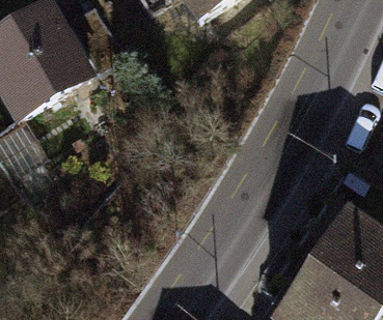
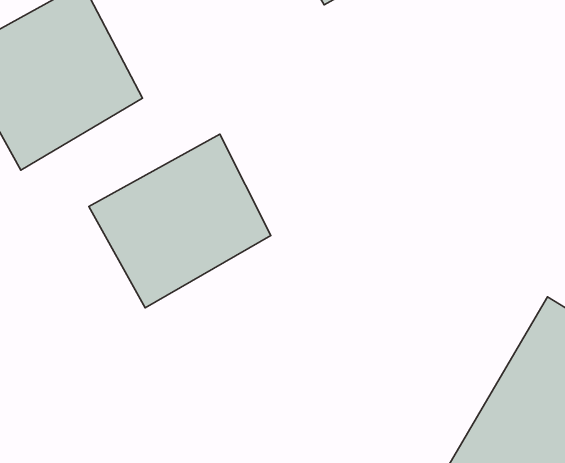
building: none -> [89,134,271,308]

